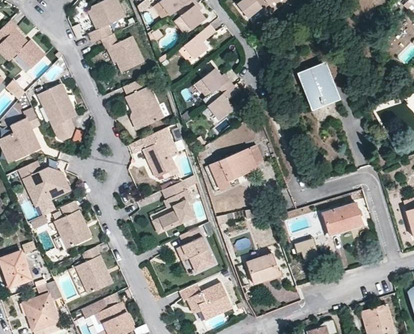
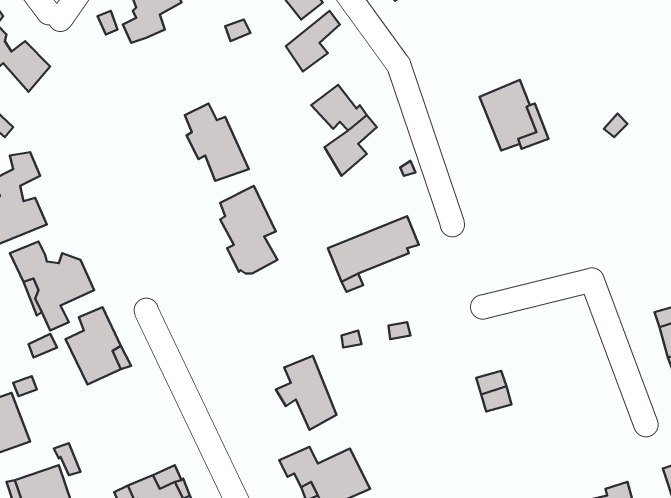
building: [101,35,142,73] -> none
building: [38,84,75,140] -> none
building: [160,178,194,229] -> none
building: [321,203,361,235] -> none
building: [76,247,114,296] -> none
building: [246,250,279,284] -> none

